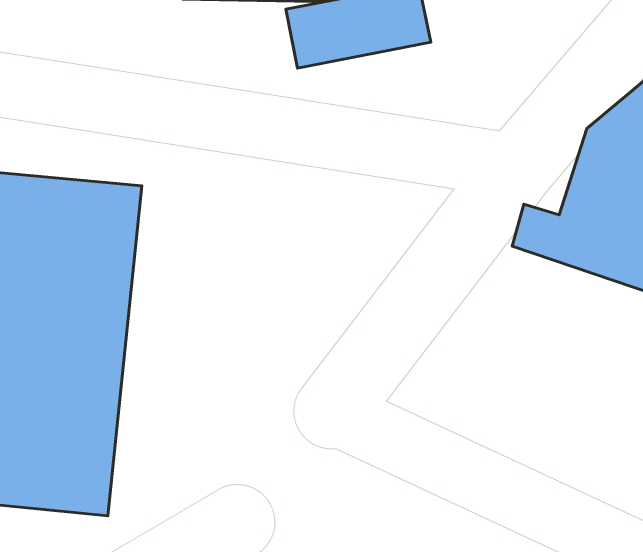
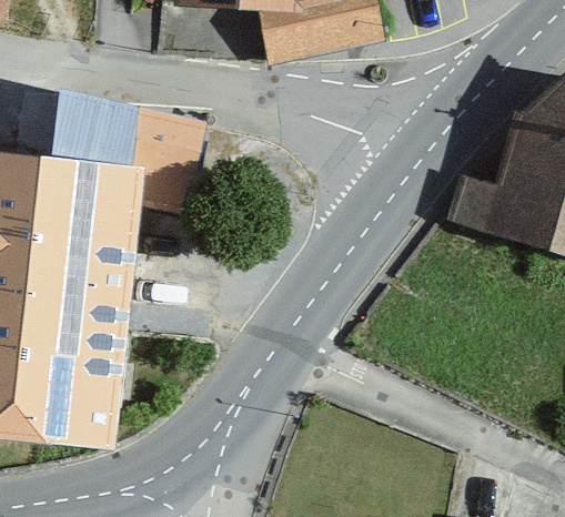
building: none -> [49,93,200,166]

